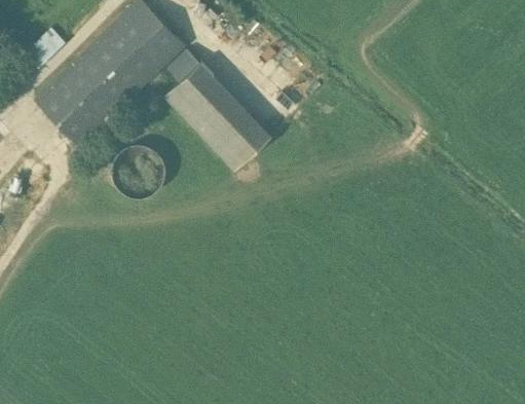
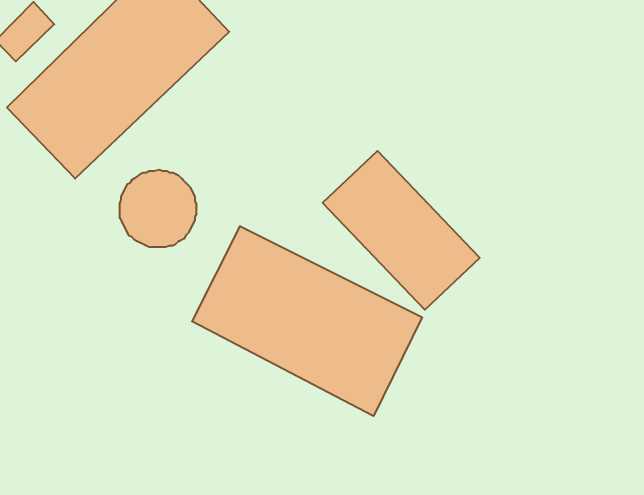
building: [162,61,271,171] -> [323,151,480,310]
building: none -> [192,226,422,416]

